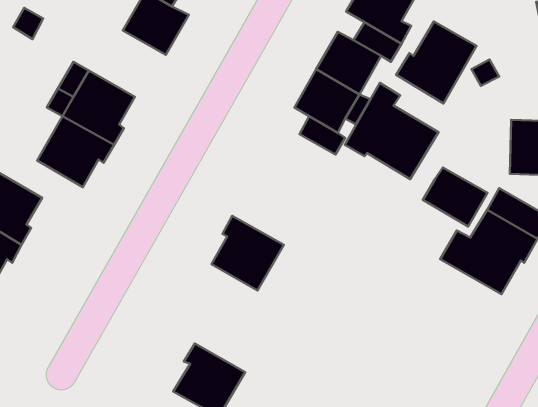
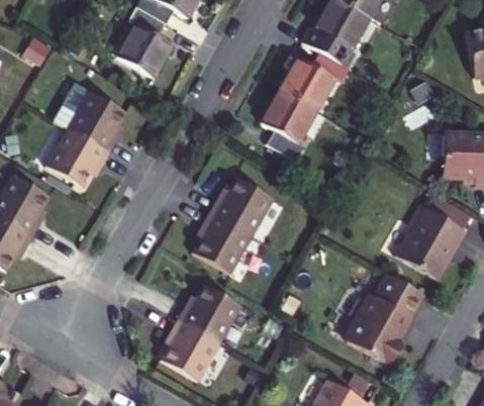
building: [396,21,477,103] -> none
building: [345,83,438,179] -> none
building: [423,167,487,227] -> none
building: none -> [209,177,274,236]
building: none -> [346,274,424,366]
building: none -> [178,284,241,343]

